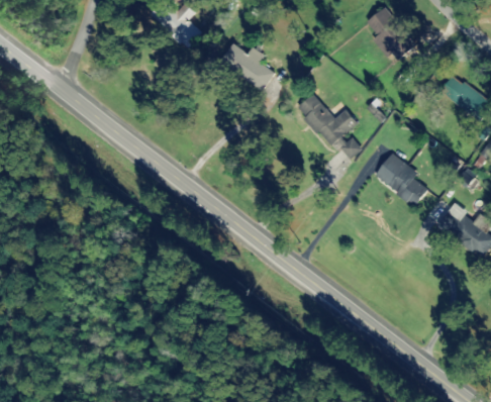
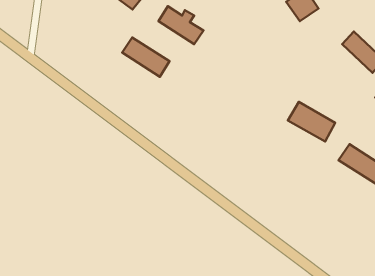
building: none -> [122,38,169,77]
building: [297,92,359,160] -> none

